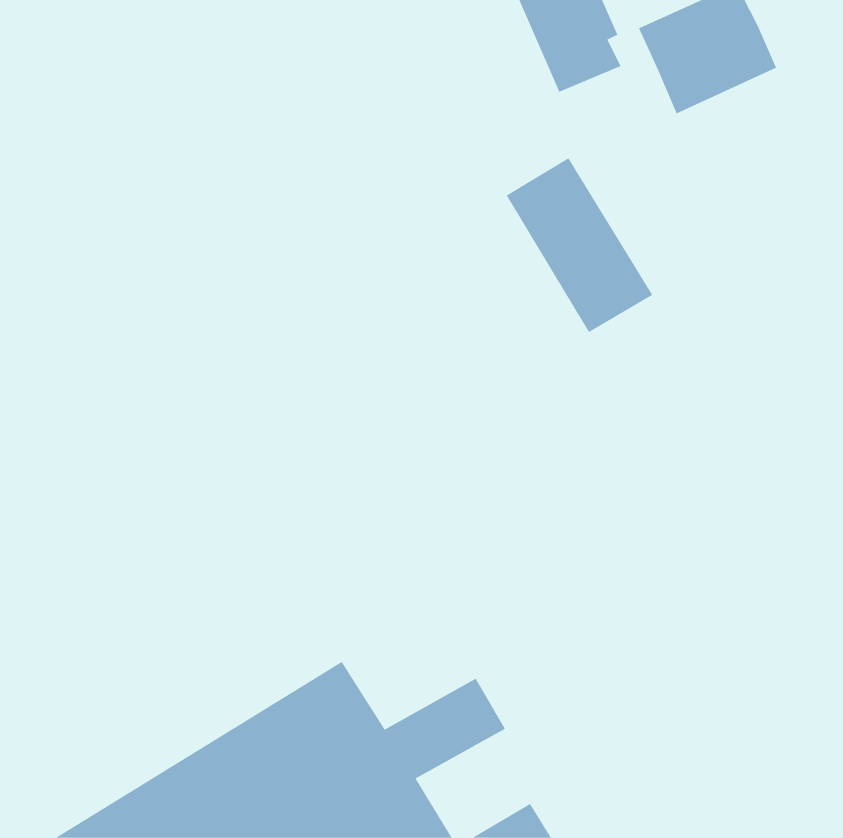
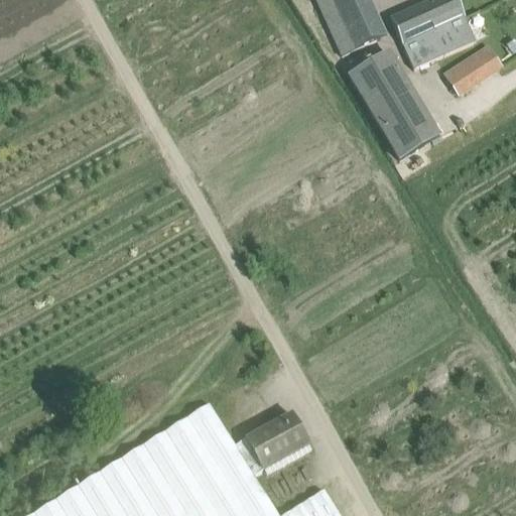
building: none -> [447,43,504,93]
building: [506,158,653,333] -> [350,52,439,159]

